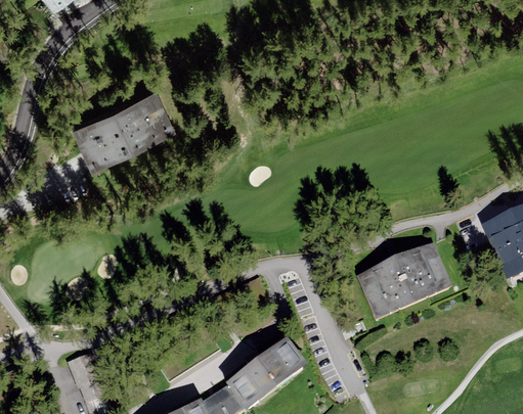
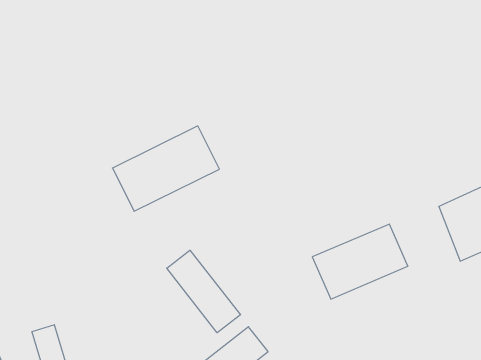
building: [67,84,173,169] -> [112,126,219,211]
building: none -> [167,250,241,333]

